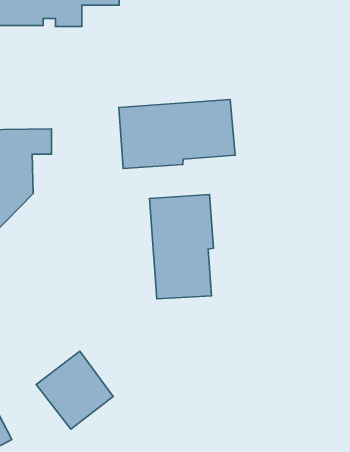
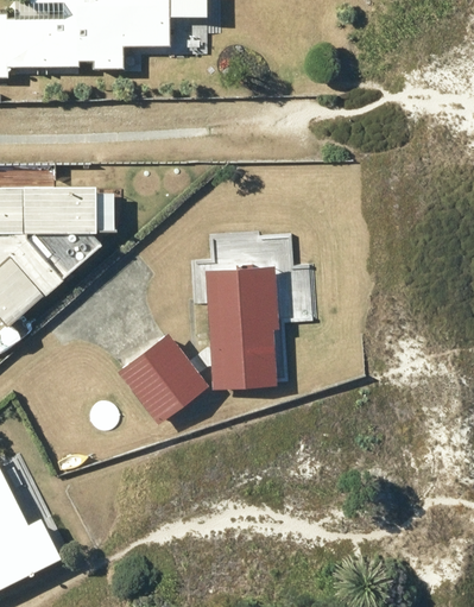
building: [119,100,235,168] -> none
building: [36,351,113,429] -> [120,334,210,425]

